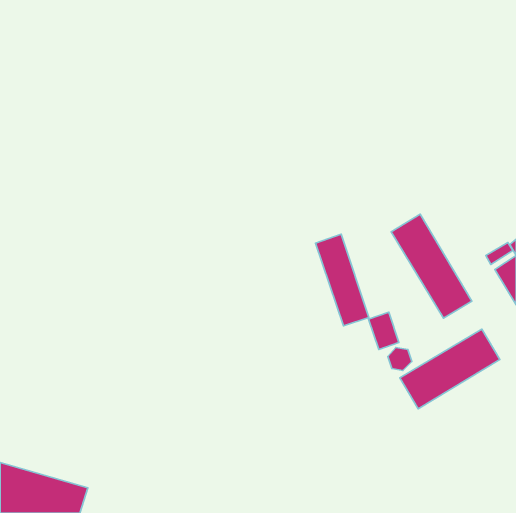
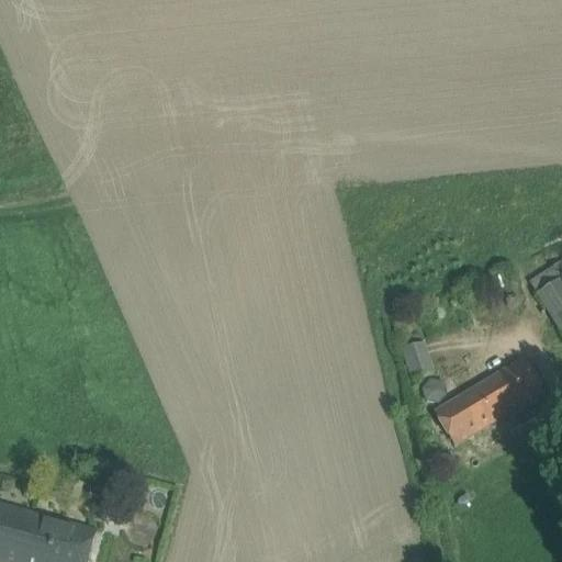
building: [391,214,472,318] -> none
building: [316,234,369,326] -> none

